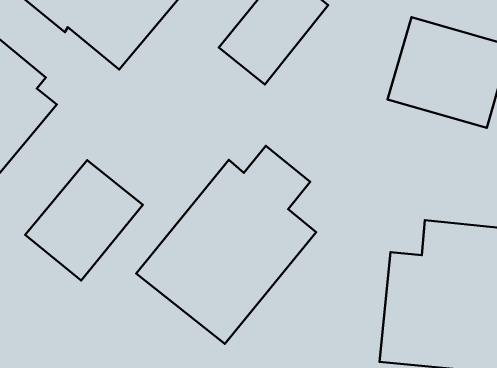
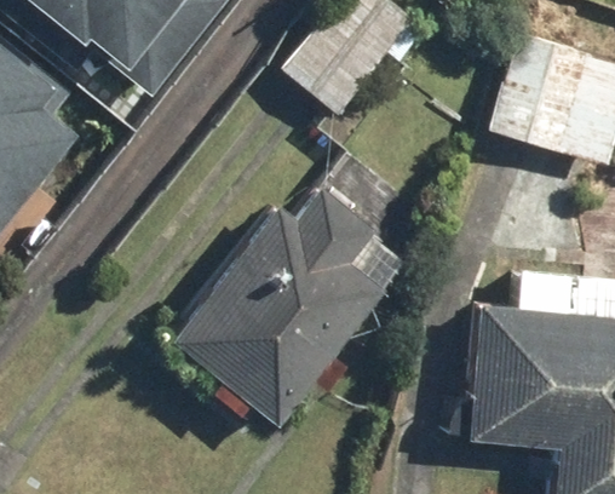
building: [25,160,143,281] -> none

